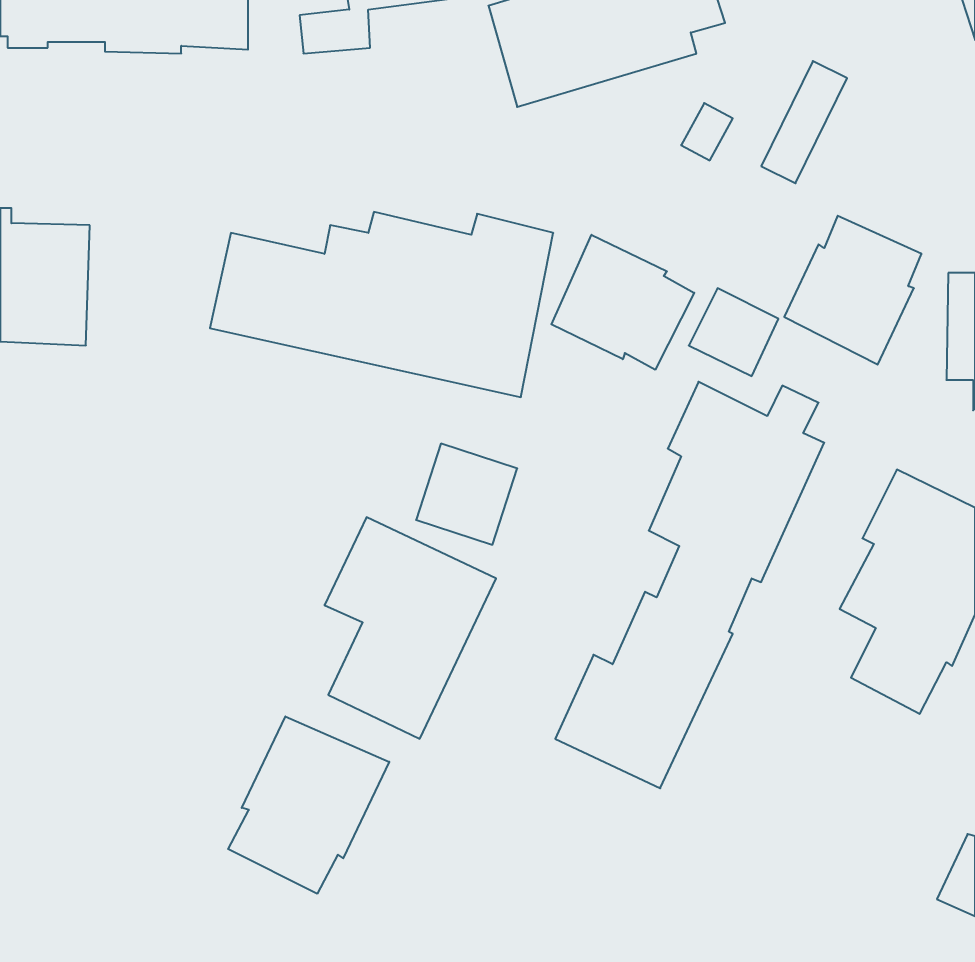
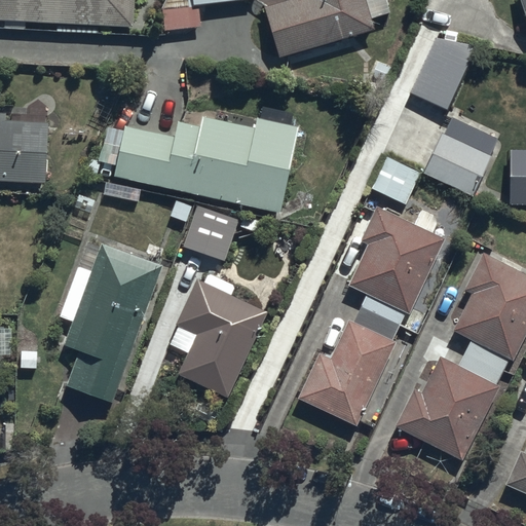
building: [551,235,694,370] -> none
building: [416,444,517,545] -> [183,204,237,259]
building: none -> [58,239,161,403]
building: none -> [393,356,498,459]
building: [228,716,389,894] -> none

